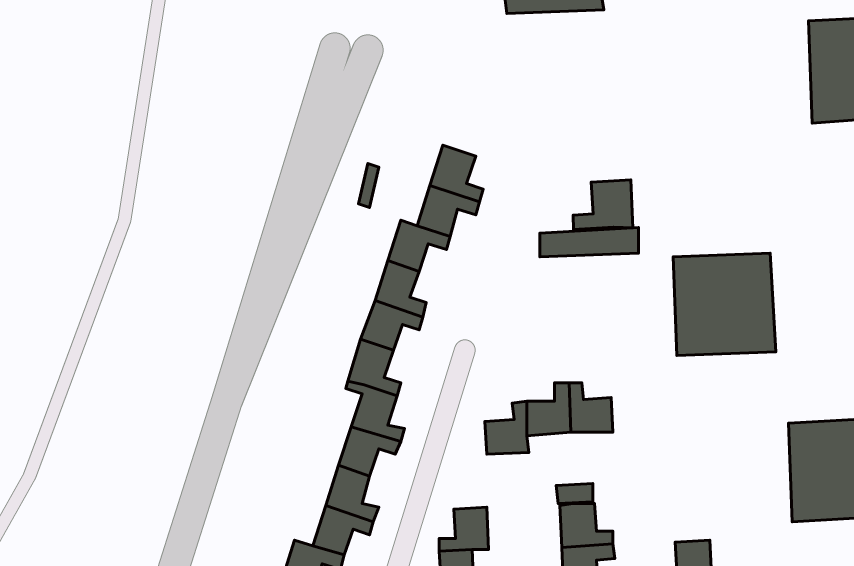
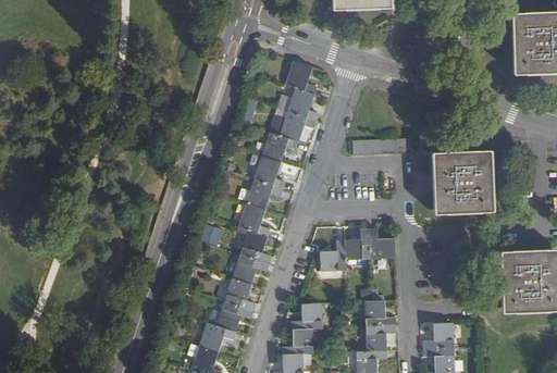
building: none -> [285,60,315,94]
building: [573,180,633,230] -> none

